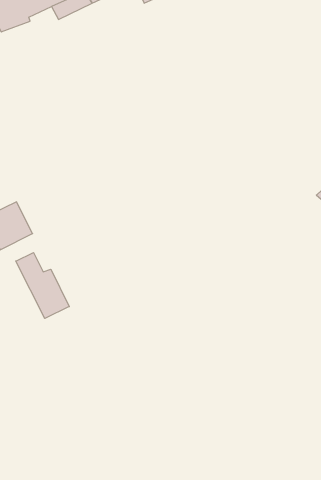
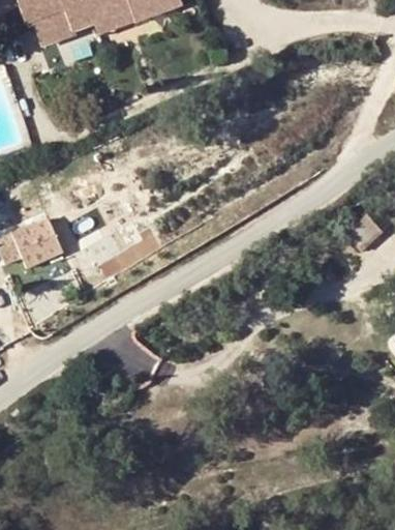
building: [16,253,69,318] -> none

